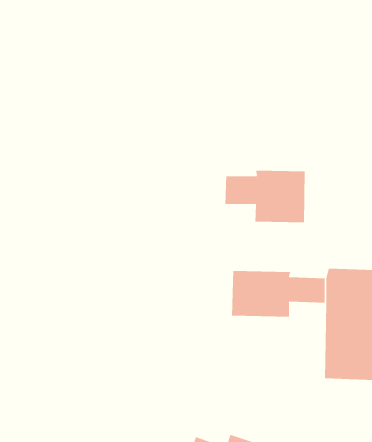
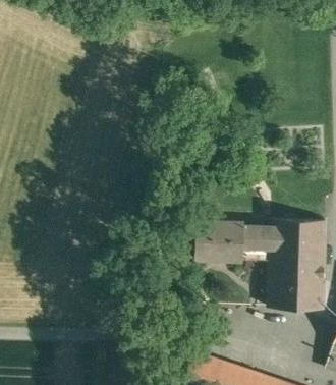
building: [224,170,306,223] -> none

